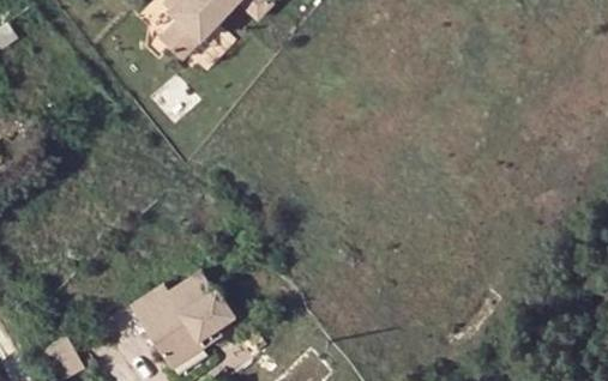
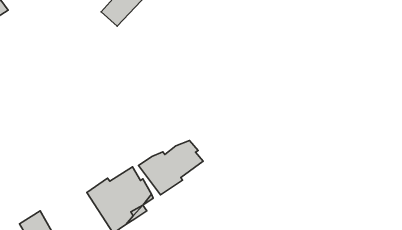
building: none -> [139,140,203,195]

